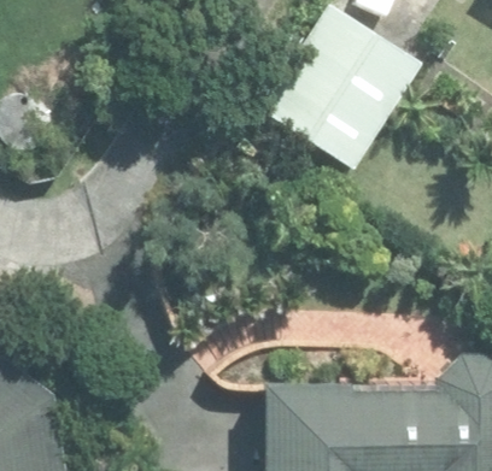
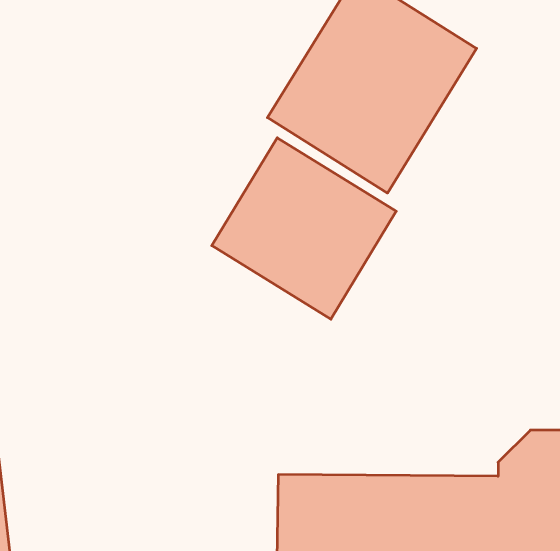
building: none -> [212,138,396,319]

